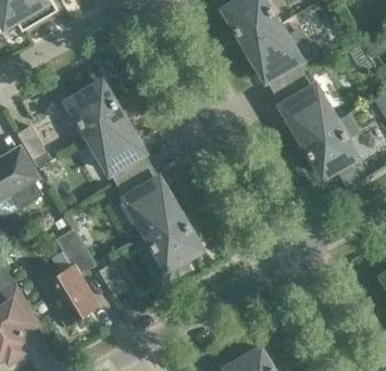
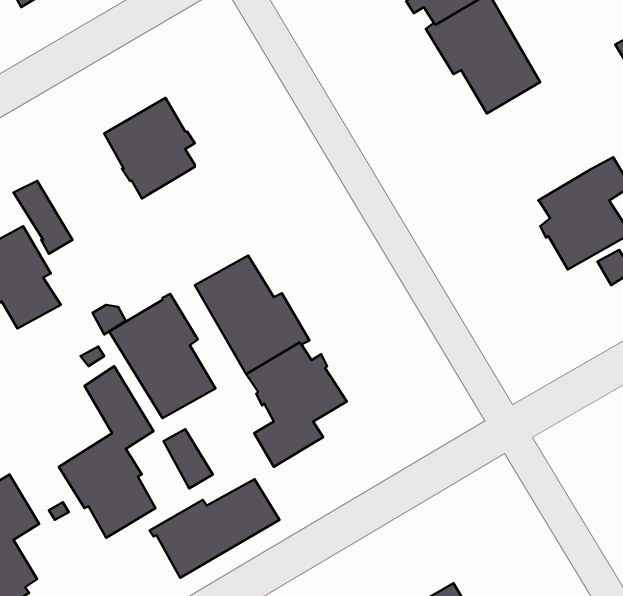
building: [277,73,335,142] -> none
building: [87,116,146,184] -> [109,294,216,418]
building: none -> [150,479,280,578]

